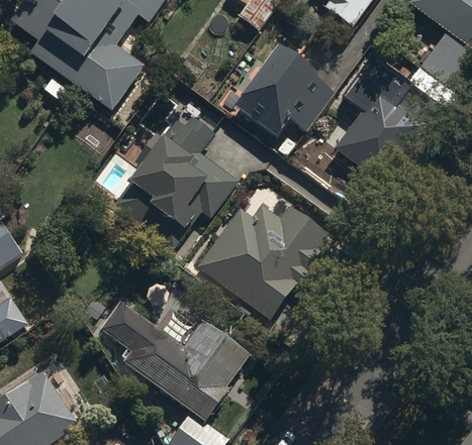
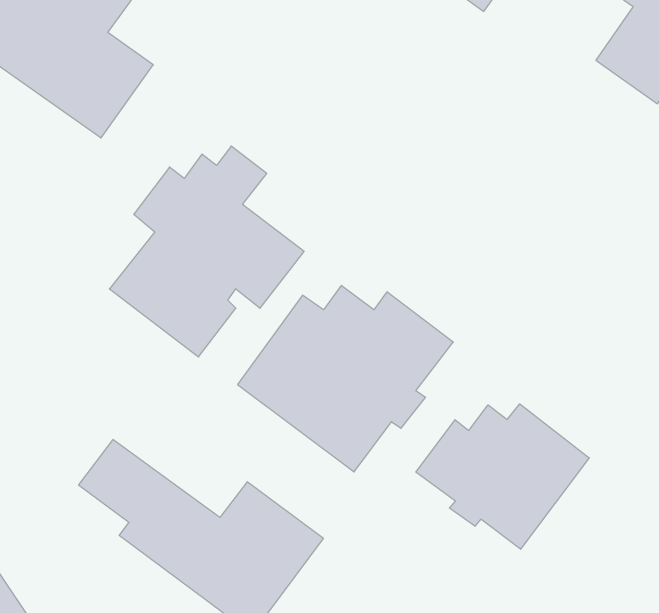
building: [235,47,334,146] -> none
building: [331,78,427,184] -> none
building: none -> [416,404,589,549]

